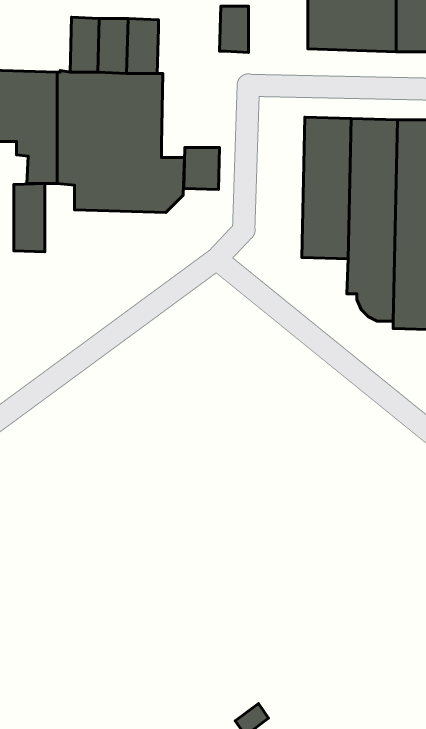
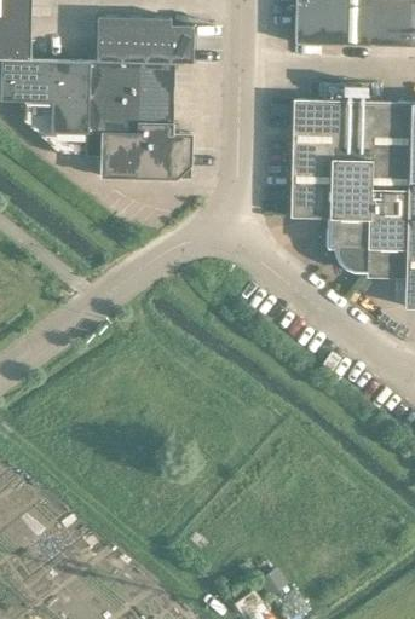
building: [219,6,248,53] -> [169,25,194,64]
building: [184,147,219,190] -> none
building: [14,184,45,252] -> none

